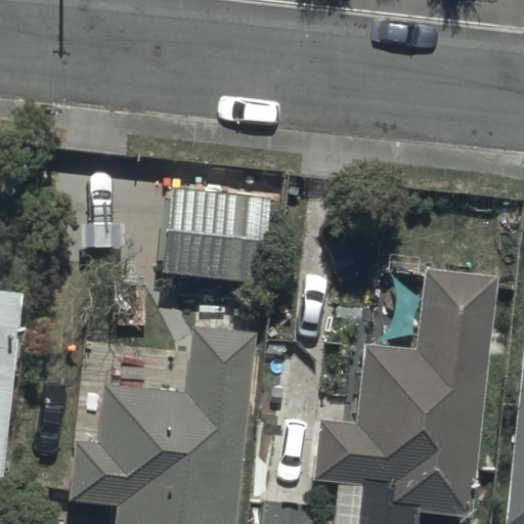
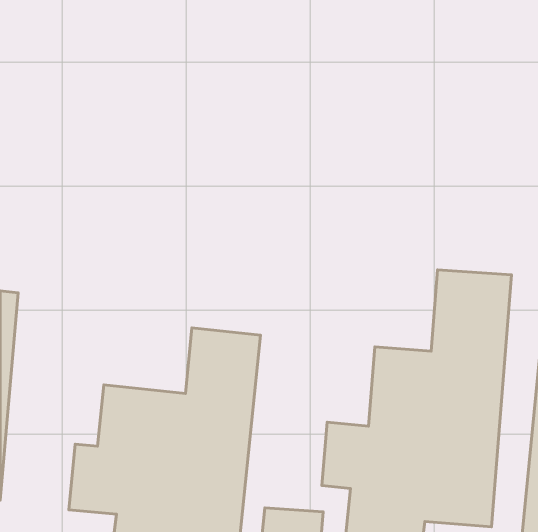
building: [162,188,270,286] -> none

